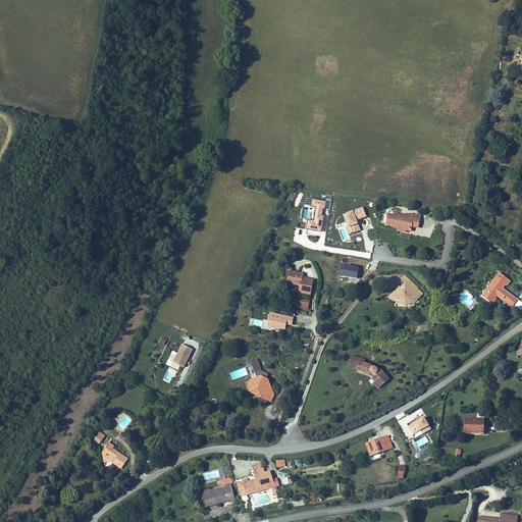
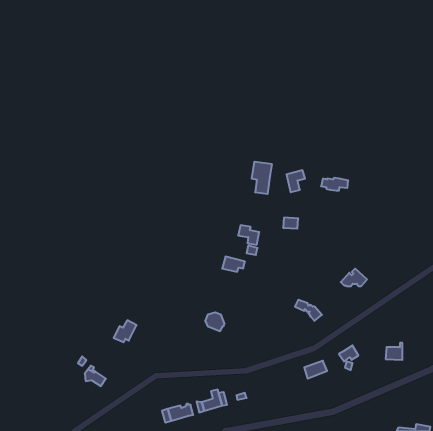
building: [481,273,517,308] -> none
building: [386,284,418,306] -> [341,269,367,286]
building: [166,341,194,367] -> [114,320,137,342]

